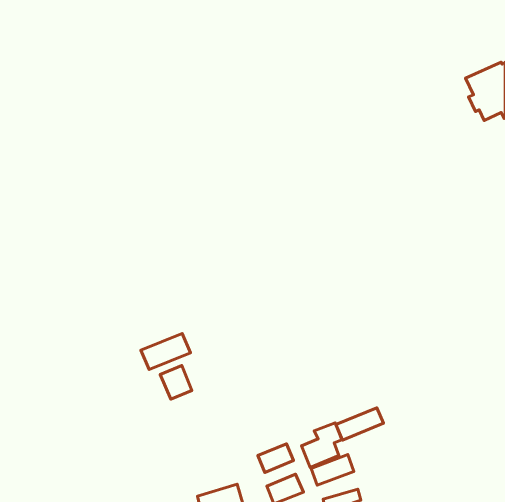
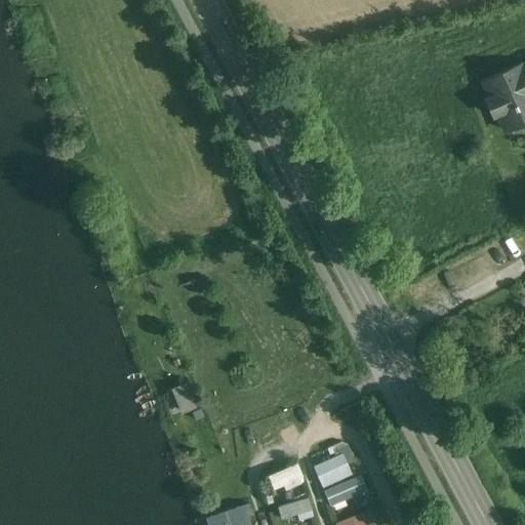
building: [141,334,190,370] -> none
building: [336,408,384,440] -> none

